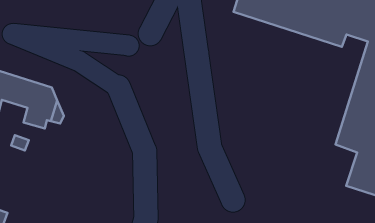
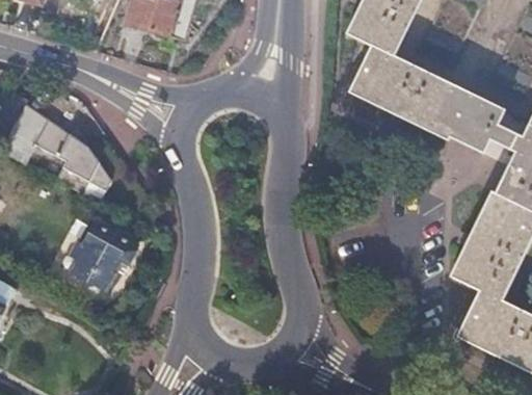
building: none -> [66,227,138,293]

